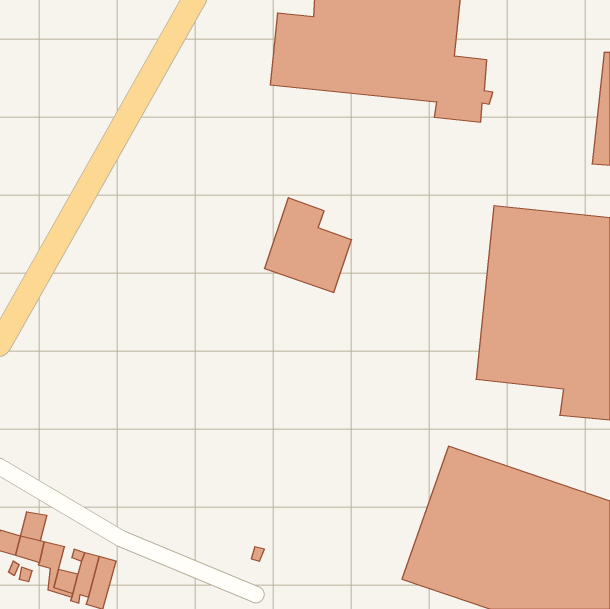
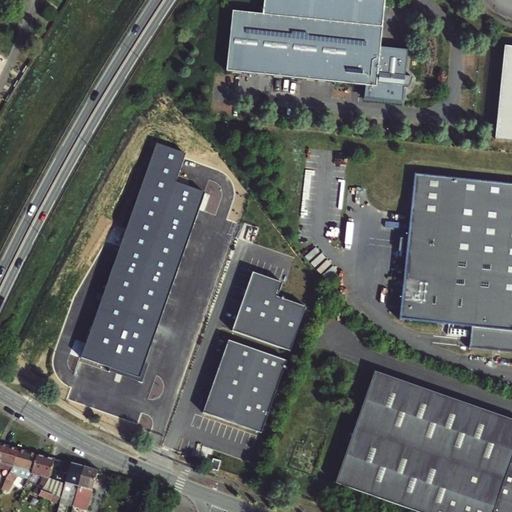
building: none -> [82,142,204,377]
building: [264,198,352,292] -> [232,270,305,349]
building: none -> [203,339,286,431]
building: [21,512,47,541] -> none

